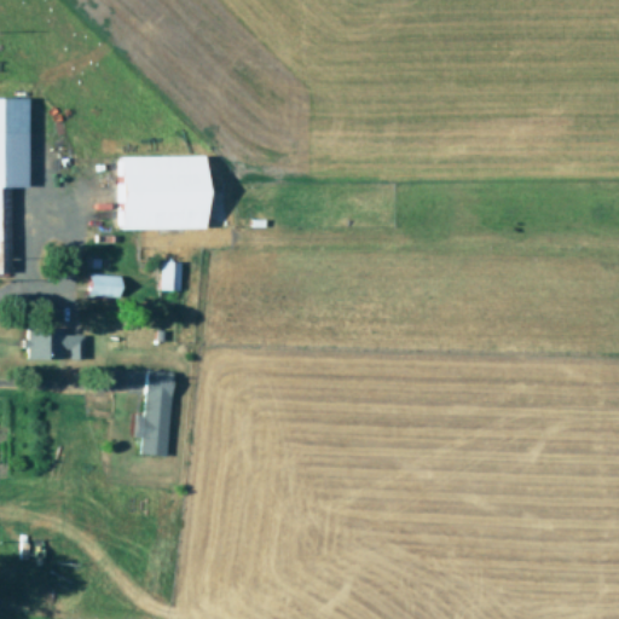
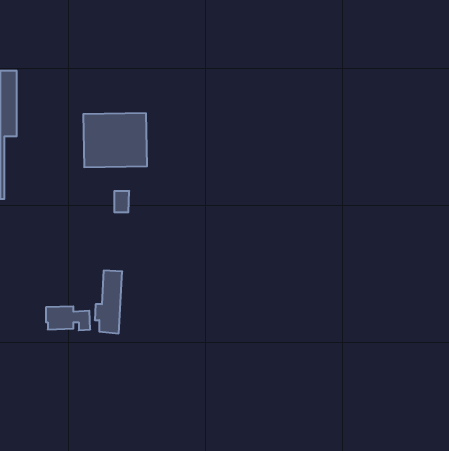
building: [88,274,121,297] -> none
building: [24,329,85,361] -> [46,306,90,330]

